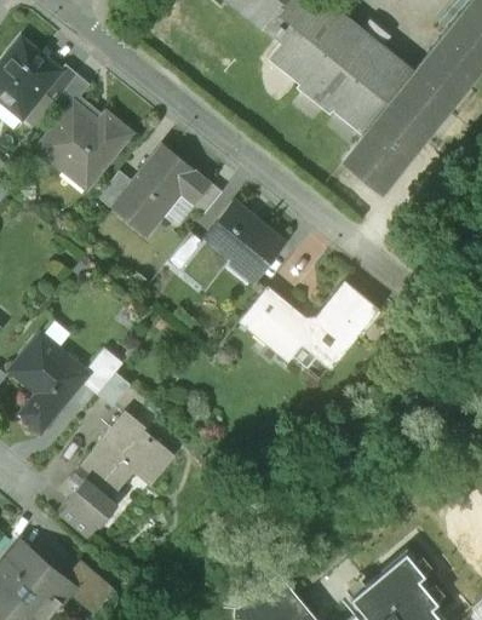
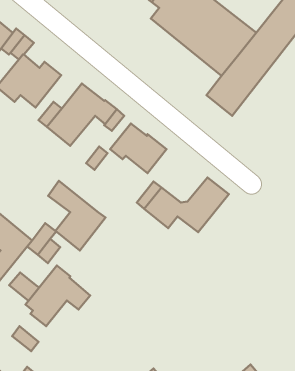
building: none -> [48,181,105,250]
building: [70,481,114,522] -> [9,273,39,301]

